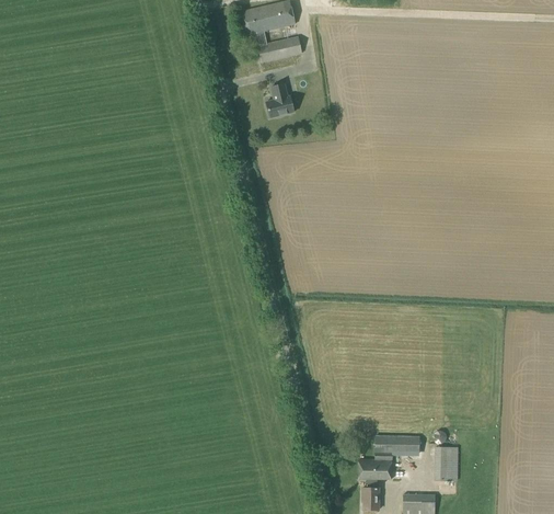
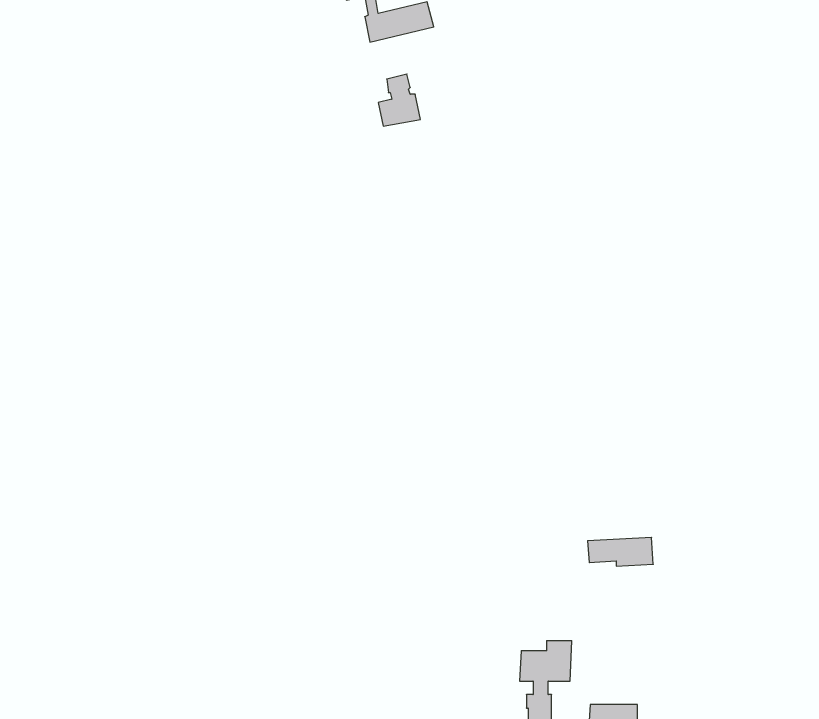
building: [374,436,417,455] -> [588,537,653,566]
building: [435,447,458,480] -> none

